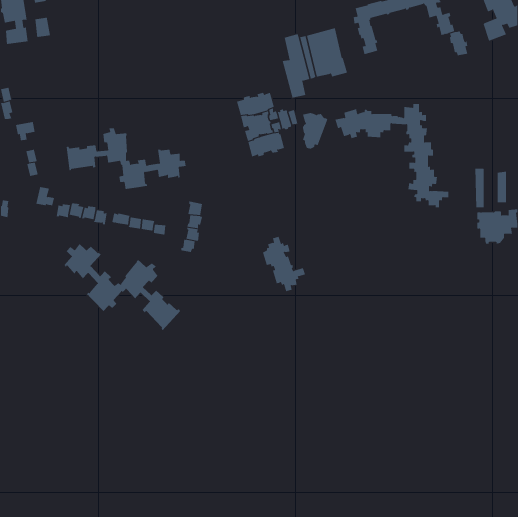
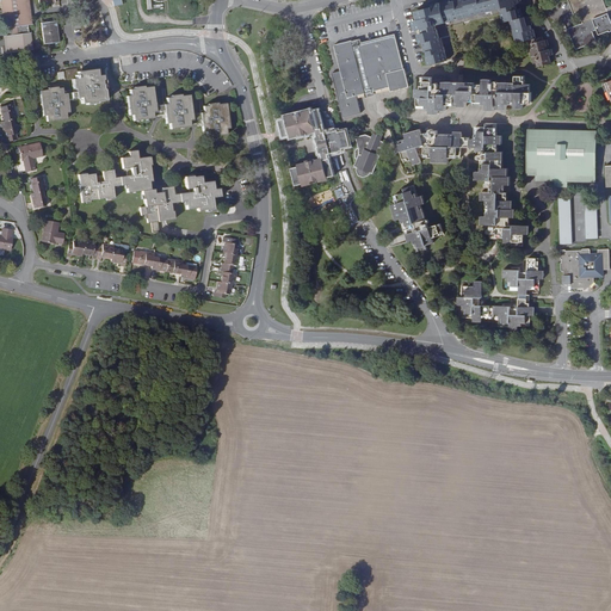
building: none -> [39,67,106,121]
building: none -> [415,74,532,113]
building: none -> [125,84,229,137]
building: none -> [529,134,595,181]
building: none -> [457,257,544,329]
building: [262,236,306,292] -> [391,185,443,251]
building: [64,243,181,331] -> none

